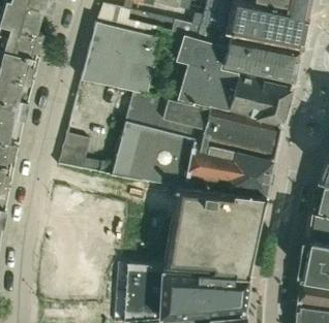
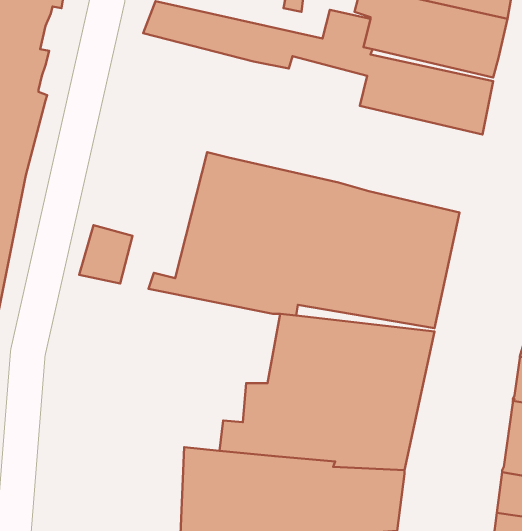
building: [81,25,159,97] -> none
building: [176,38,291,126] -> none

